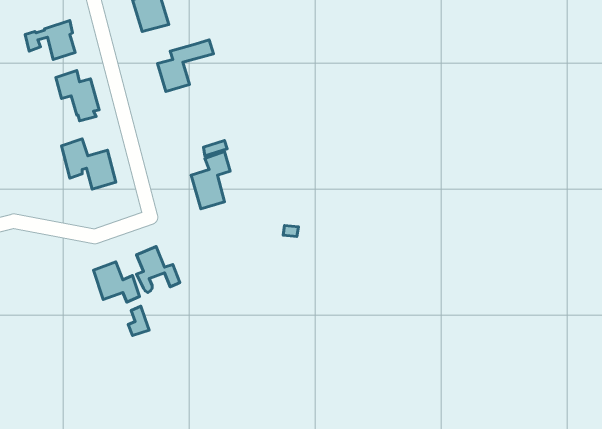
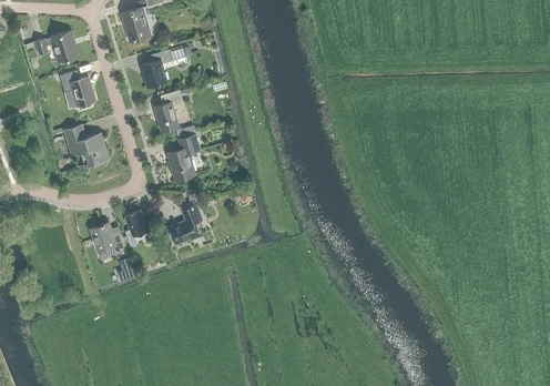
building: none -> [153,91,183,132]
building: none -> [169,202,201,245]

